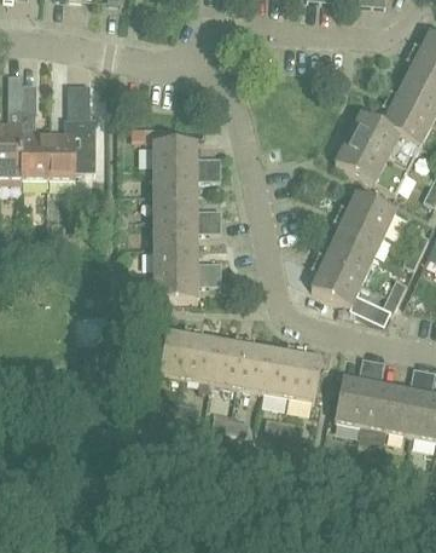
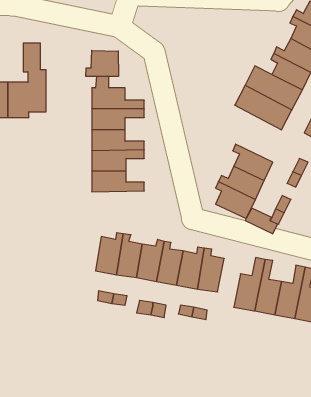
building: none -> [86,50,118,76]
building: [336,192,395,236] -> none
building: [153,272,220,300] -> none

